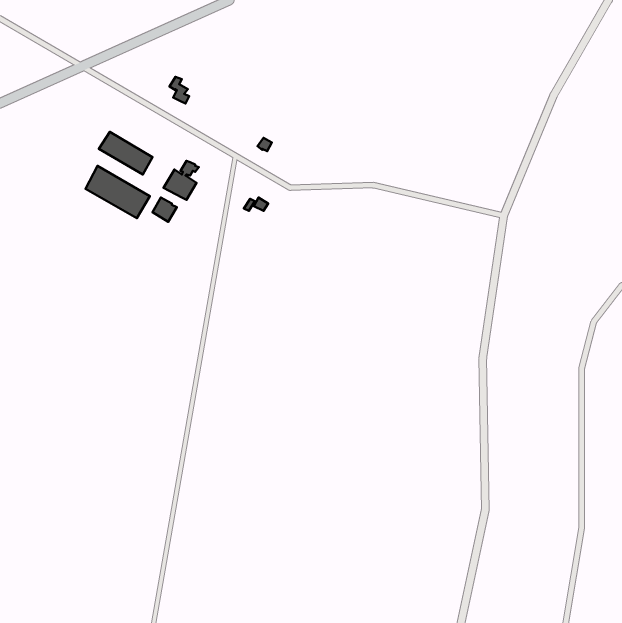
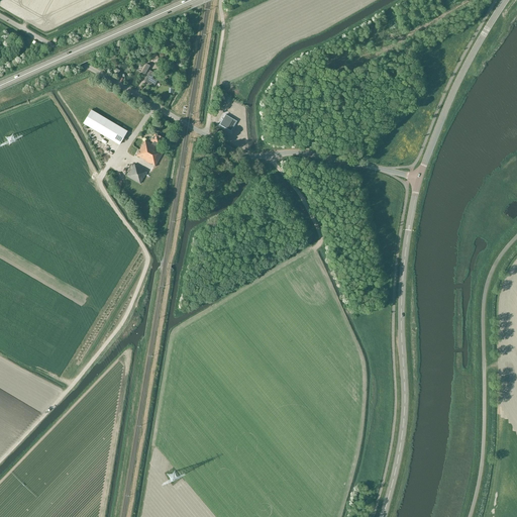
building: [85,166,150,218] -> none

